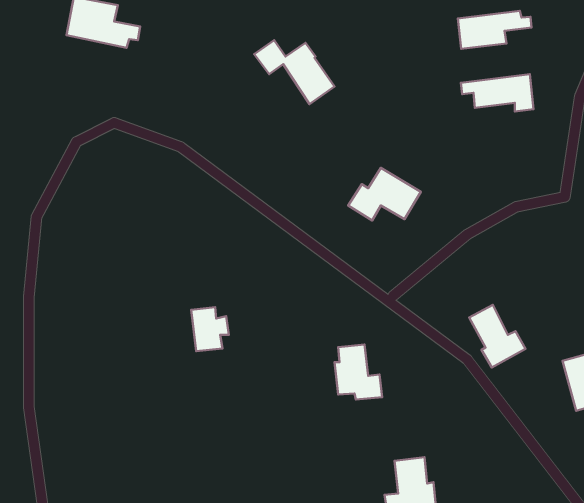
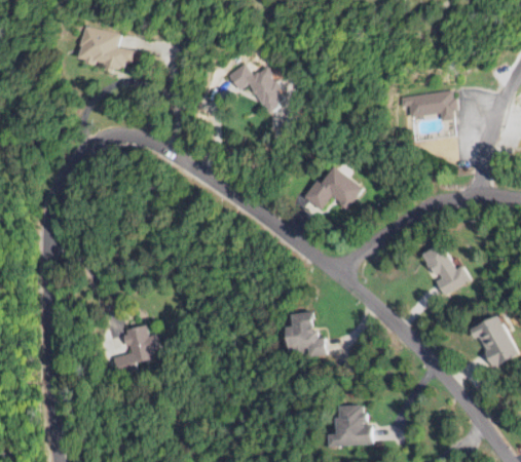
building: [458,11,532,49] -> none
building: [469,305,525,367] -> [424,244,471,296]
building: [191,307,229,351] -> [124,326,155,362]

